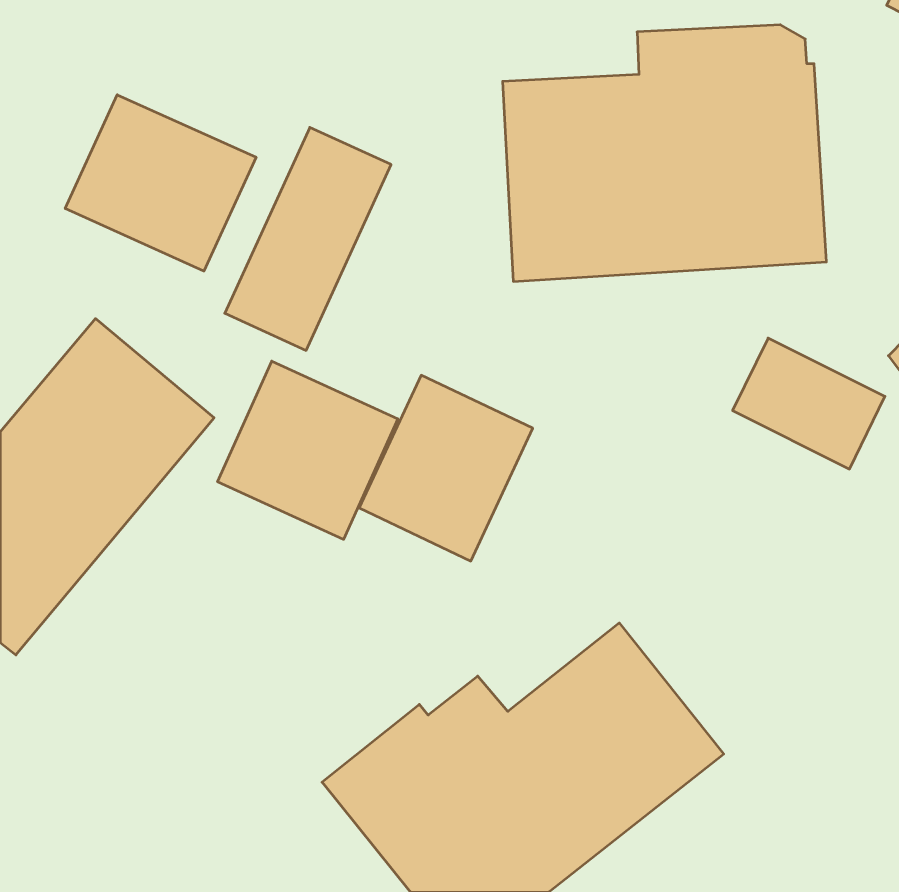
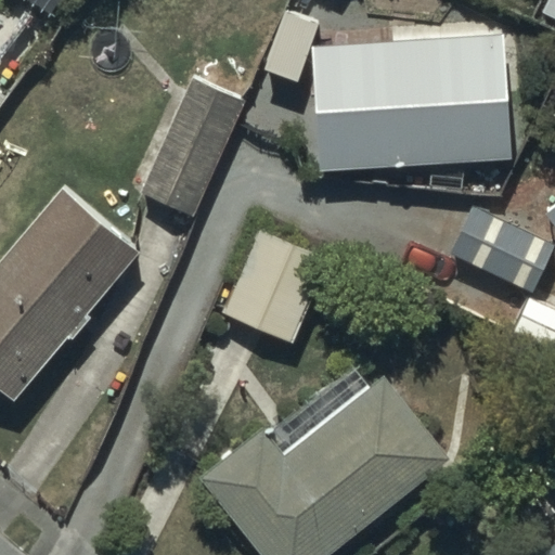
building: [65,95,256,271] -> none
building: [218,361,398,539] -> none

